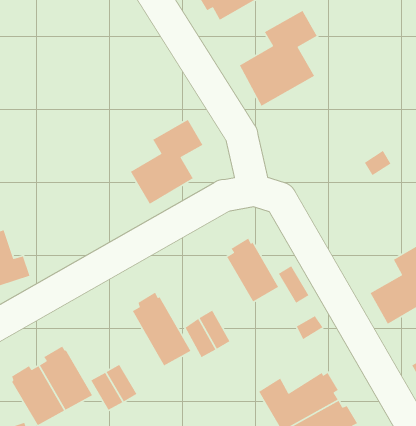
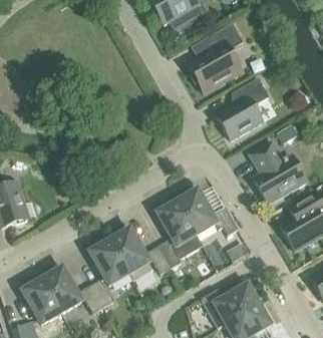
building: [130,119,204,205] -> [216,77,269,139]
building: none -> [249,140,306,204]
building: none -> [156,201,197,246]
building: none -> [89,240,128,285]

